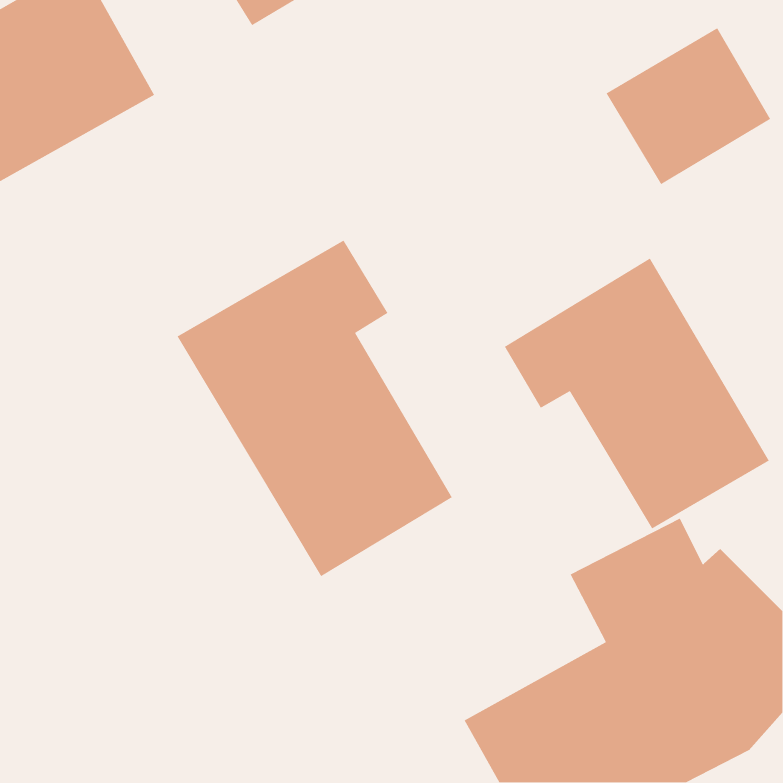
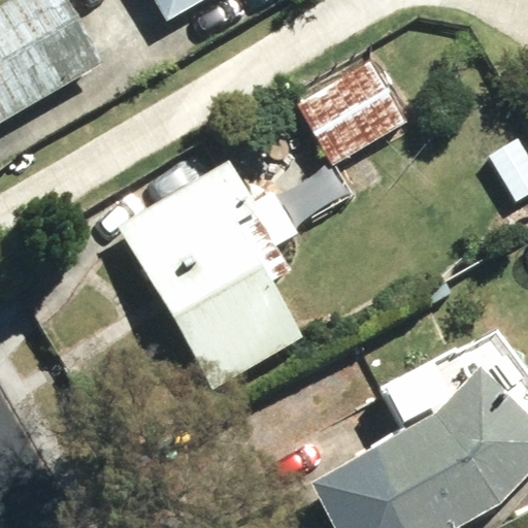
building: [605,27,771,185] -> [297,58,408,164]
building: [504,257,770,530] -> none

